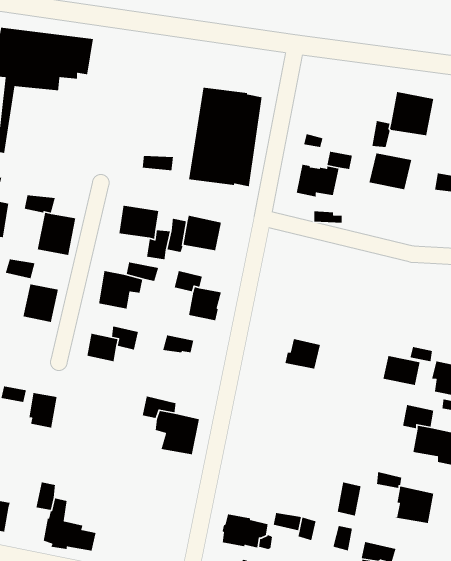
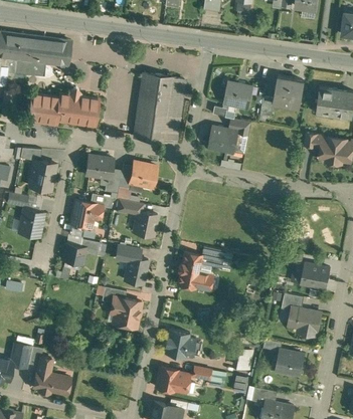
building: none -> [28,88,100,126]
building: [369,152,412,190] -> [223,82,253,109]
building: none -> [178,253,212,291]
building: none -> [125,257,148,285]
building: [382,355,421,386] -> none
building: [29,392,58,428] -> [9,343,29,368]
building: none -> [164,332,196,358]

